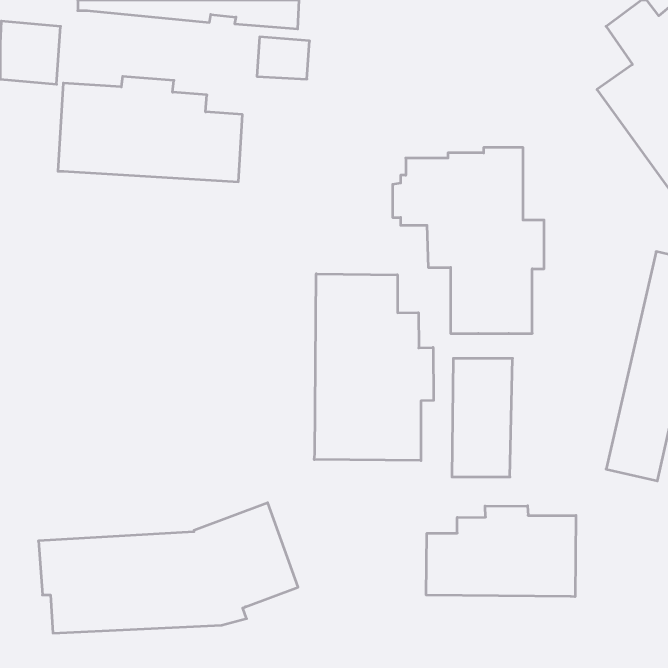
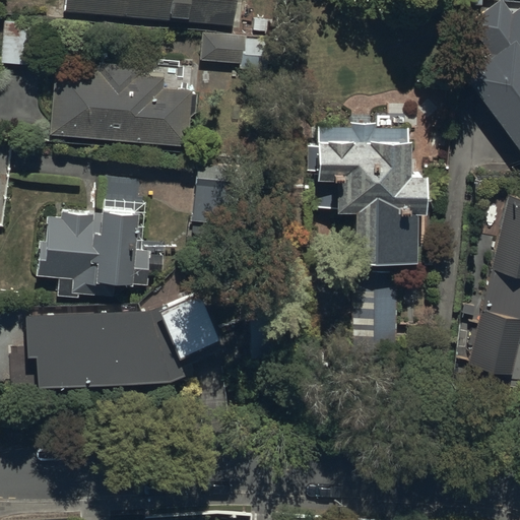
building: none -> [37,199,150,298]
building: [314,274,434,461] -> none
building: [38,503,298,633] -> [24,285,224,386]
building: [426,506,576,597] -> none

